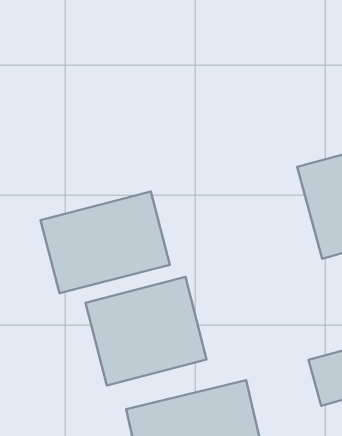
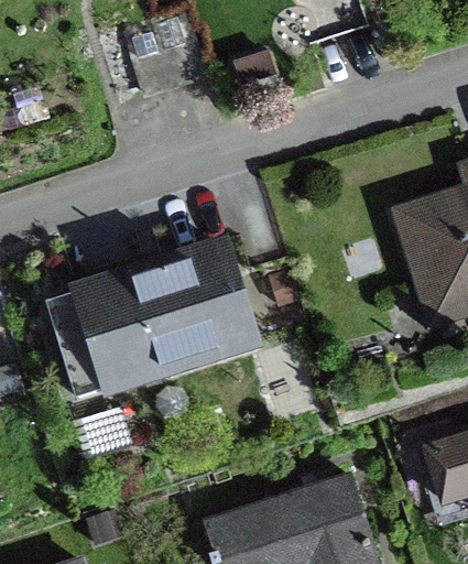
building: [86,277,207,385] -> none

